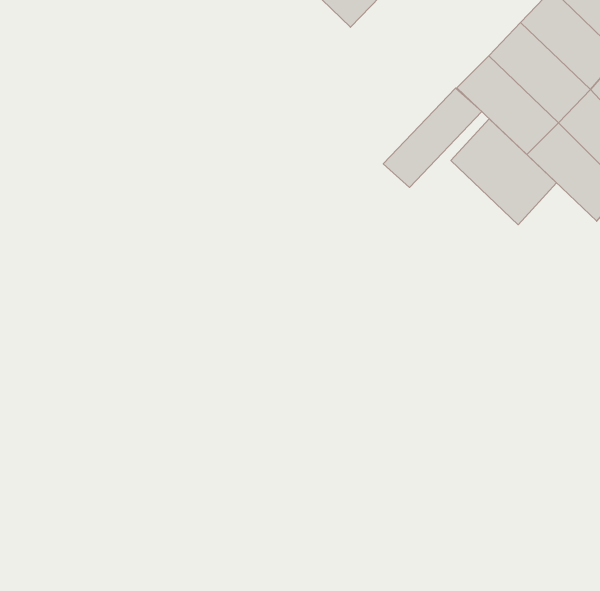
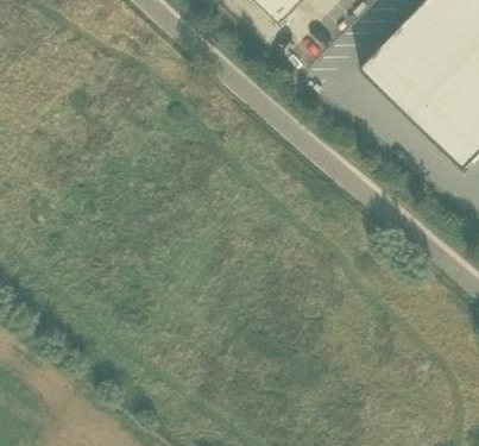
building: [383,88,482,187] -> none
building: [451,119,557,225] -> none

